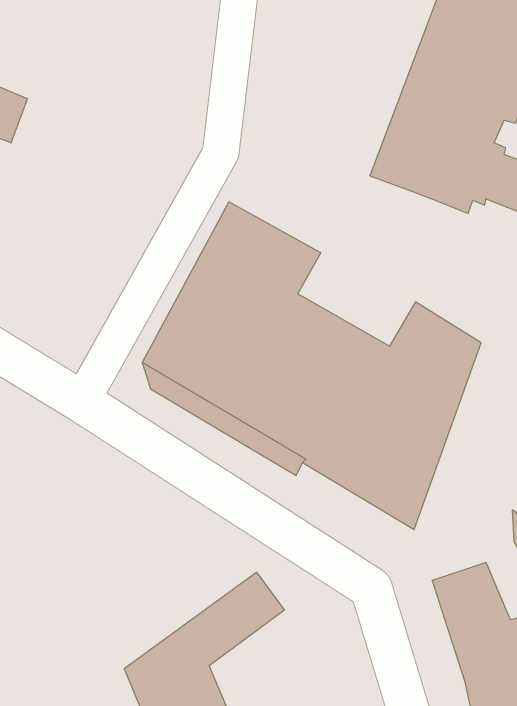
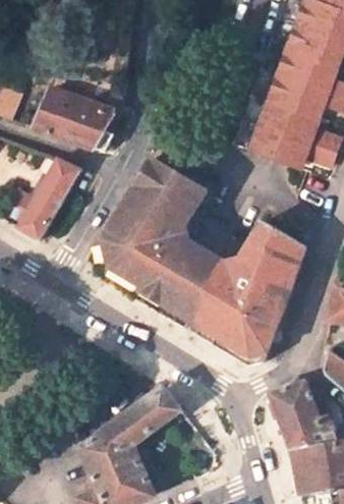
building: none -> [34,90,114,150]
building: none -> [19,160,80,238]

